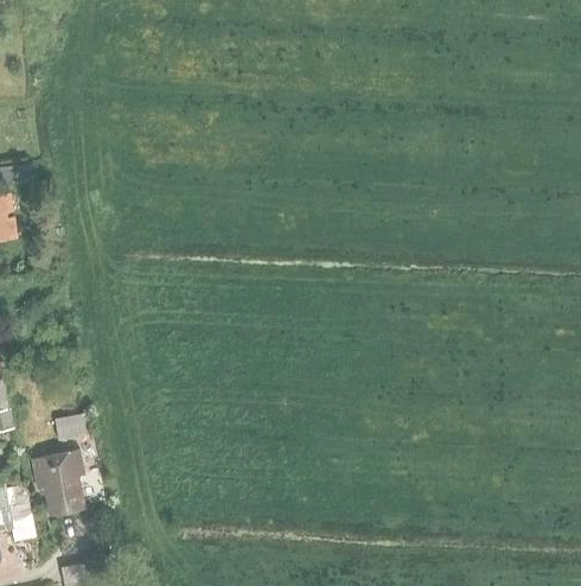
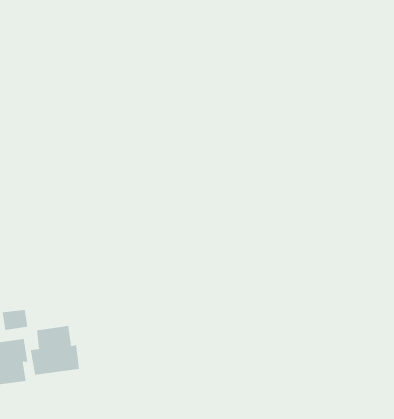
building: none -> [30,325,80,376]

